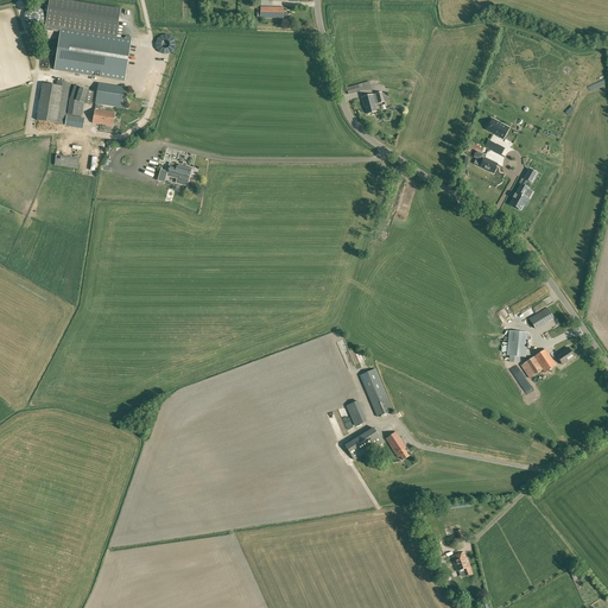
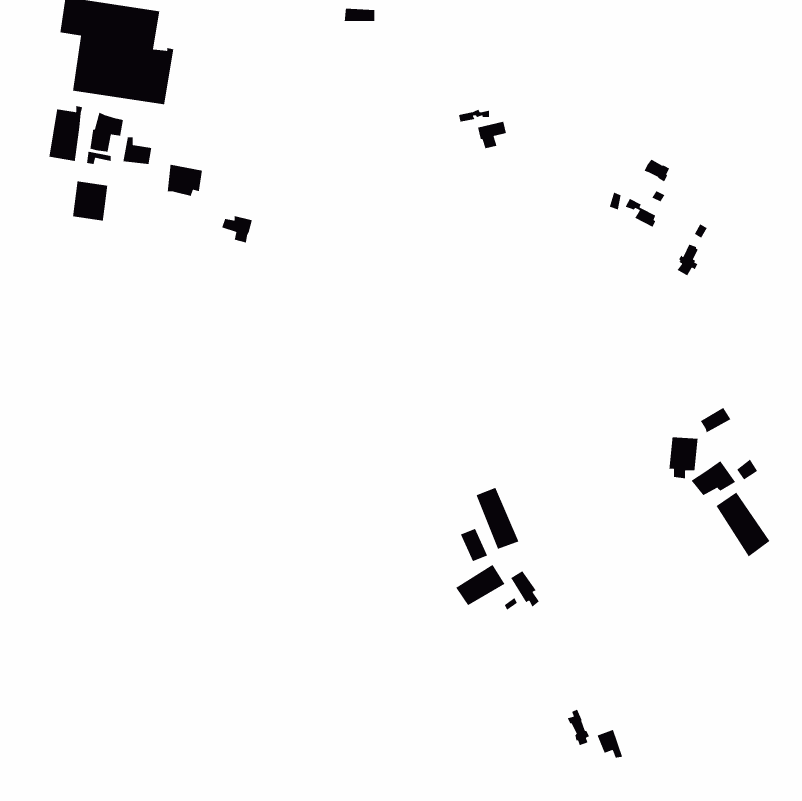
building: [96,82,124,107] -> [167,164,203,197]
building: none -> [716,491,771,557]

